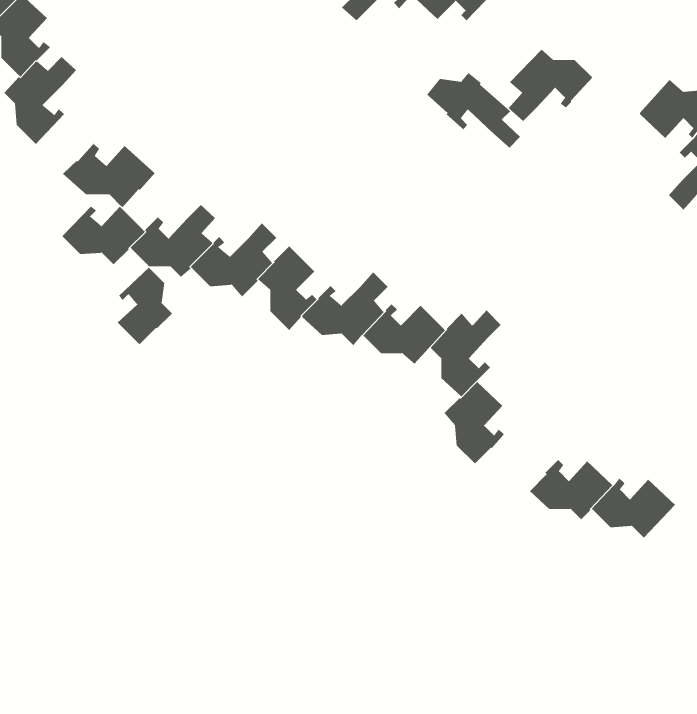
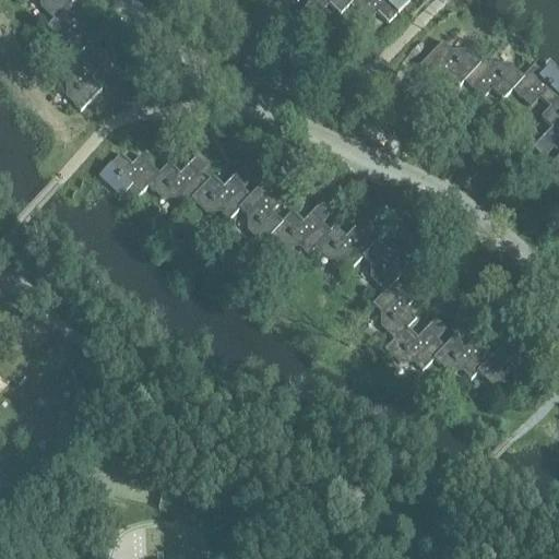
building: none -> [464,52,523,96]
building: [425,72,521,148] -> none
building: [62,142,156,208] -> none
building: [117,267,173,345] -> none
building: none -> [384,316,448,368]

